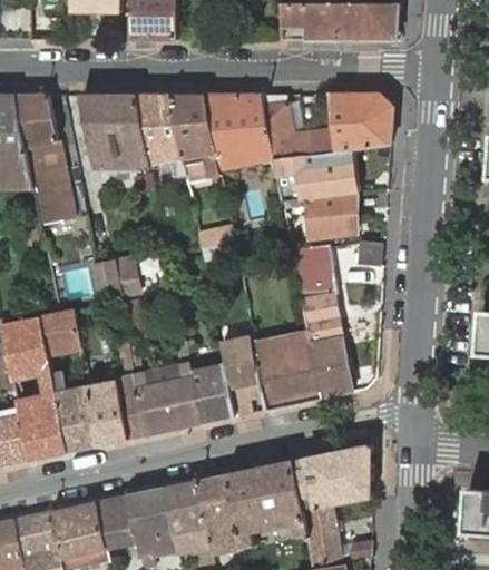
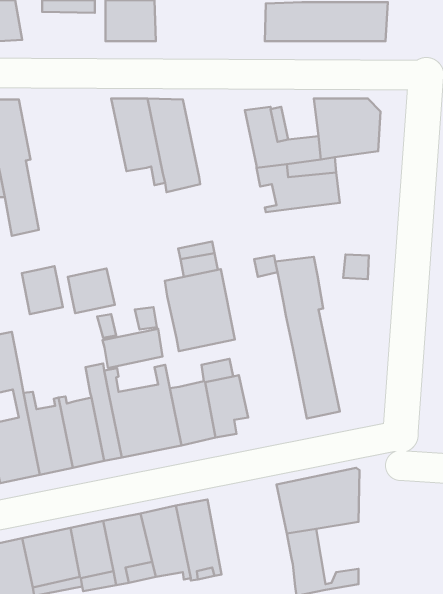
building: [80,94,151,169] -> none
building: [204,95,274,168] -> none
building: [307,193,358,237] -> none
building: [41,308,80,354] -> [22,266,63,314]
building: none -> [102,329,163,368]
building: [255,331,322,409] -> [165,269,235,351]
building: [227,460,309,548] -> none

